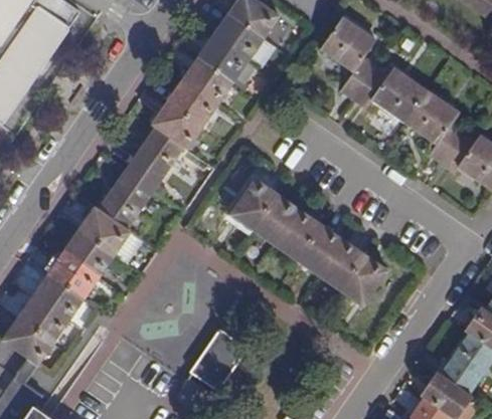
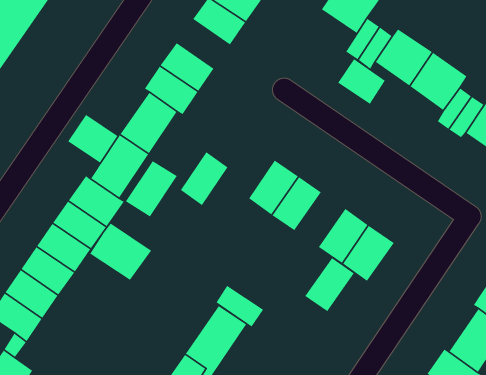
building: [181,57,232,104] -> none
building: none -> [337,58,386,105]
building: none -> [67,114,118,163]
building: [228,176,275,228] -> [180,151,228,206]
building: none -> [125,160,178,218]
building: [294,222,342,274] -> [304,257,355,312]
building: none -> [89,222,152,281]
building: none -> [216,285,264,327]

